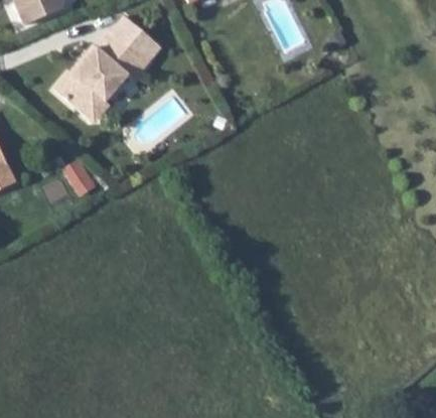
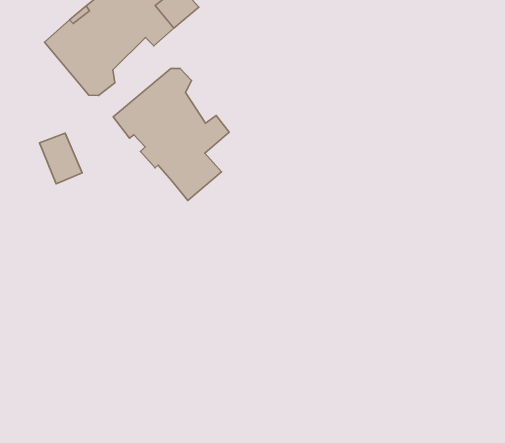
building: none -> [113,68,229,200]

